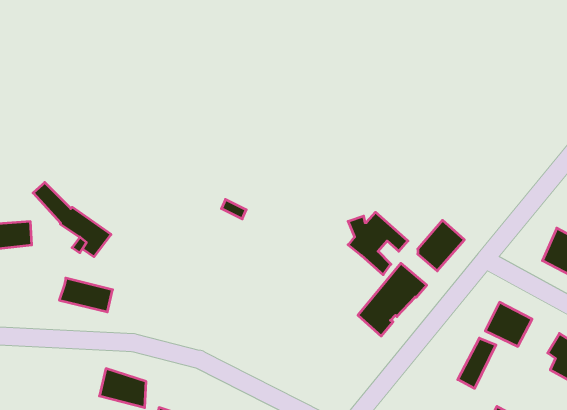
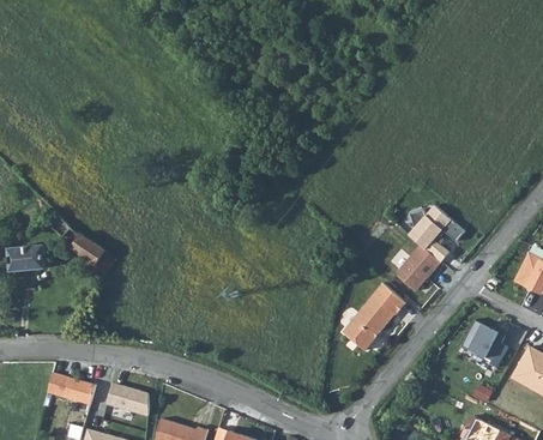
building: [348,212,408,275] -> [409,205,464,263]
building: [59,278,113,312] -> [43,373,92,404]
building: [458,338,496,388] -> none

